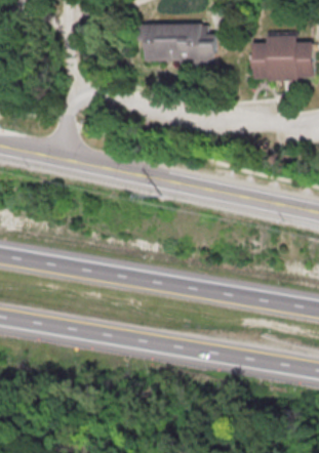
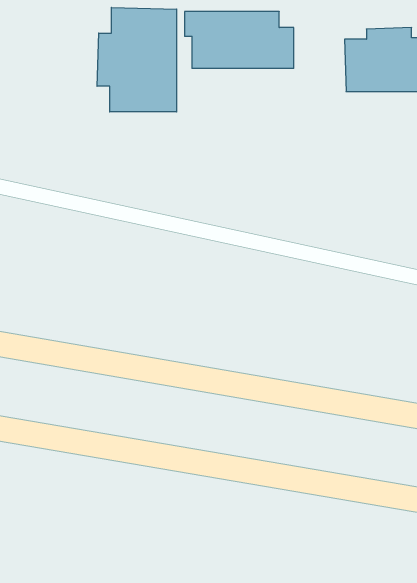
building: none -> [97,7,177,112]

